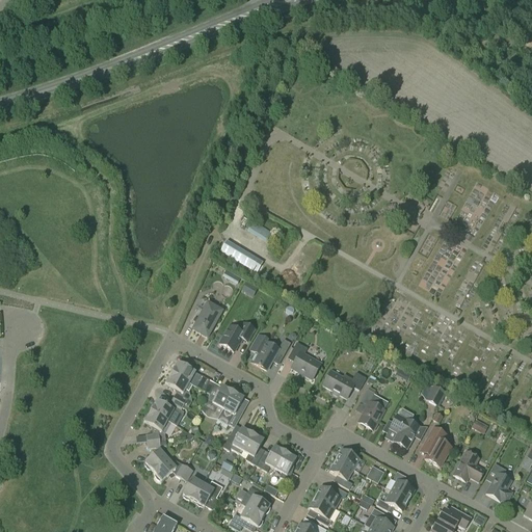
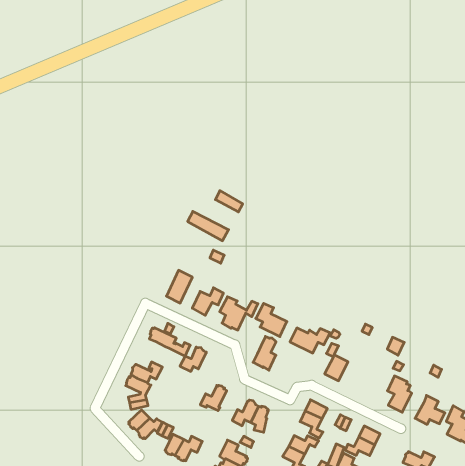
building: [165,372,192,405] -> none
building: [217,390,243,426] -> [253,336,276,370]
building: [384,406,419,448] -> none
building: [242,432,263,464] -> none

